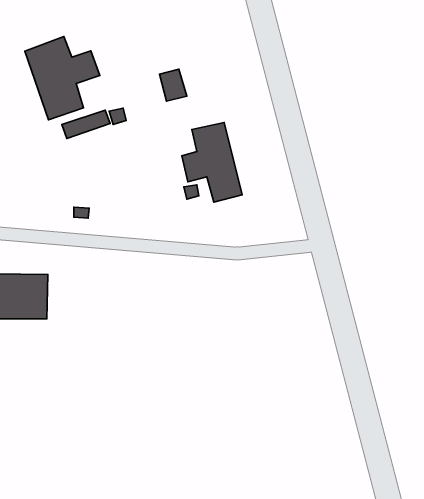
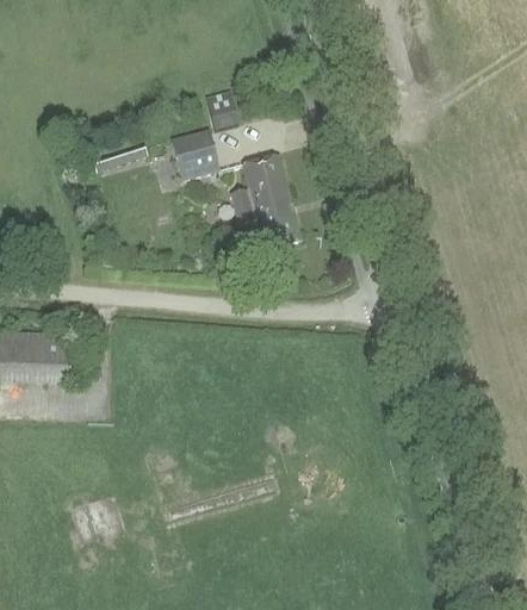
building: [25,37,100,120] -> none
building: none -> [169,131,219,181]

